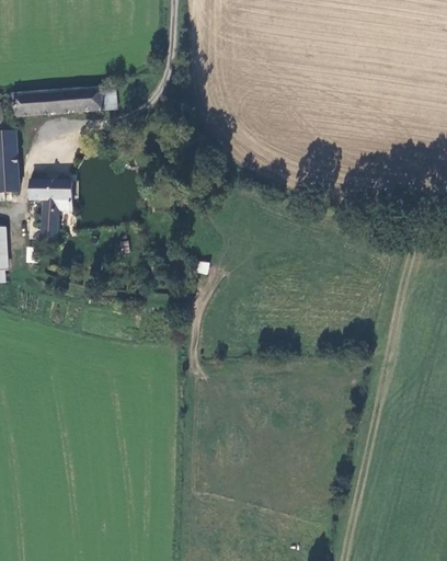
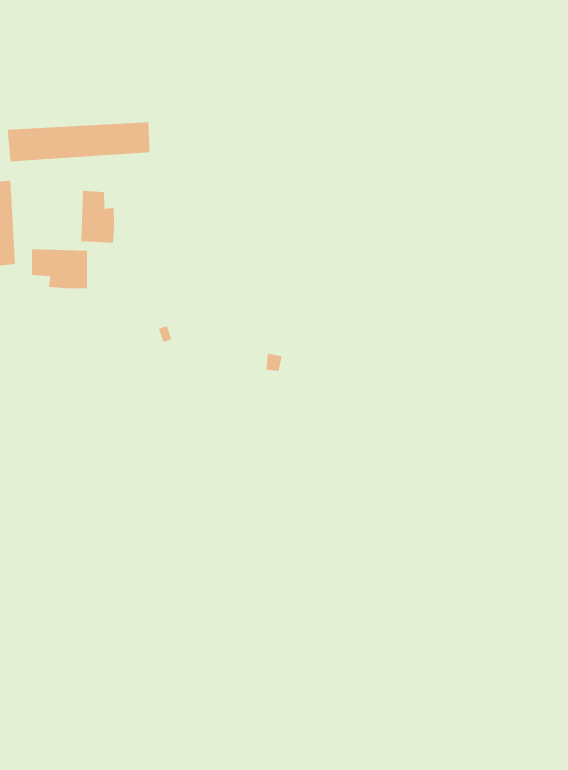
building: none -> [81,190,114,244]
building: [39,206,57,240] -> none

